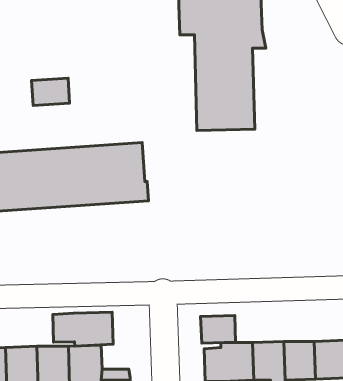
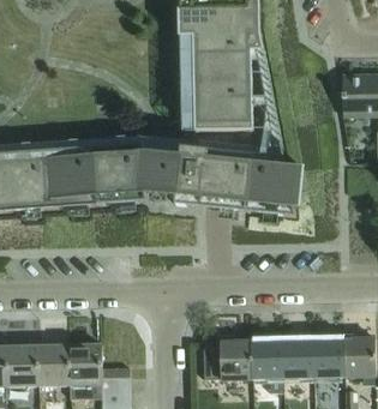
building: [32,78,70,106] -> none
building: none -> [142,143,302,216]
building: [53,312,113,346] -> none
building: [200,315,236,343] -> none

